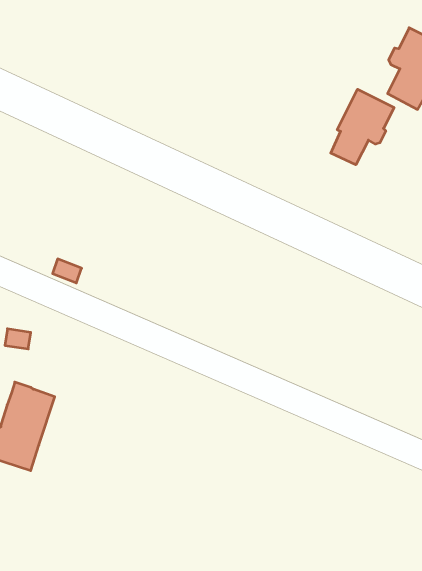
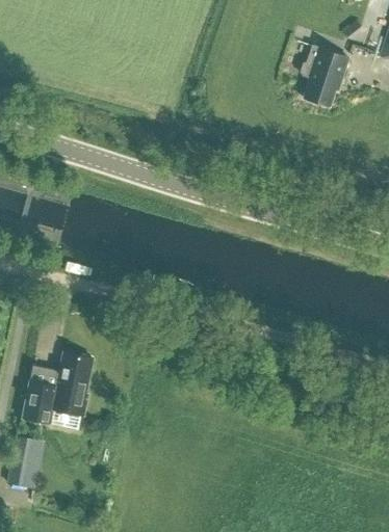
building: [331,89,394,165] -> none

